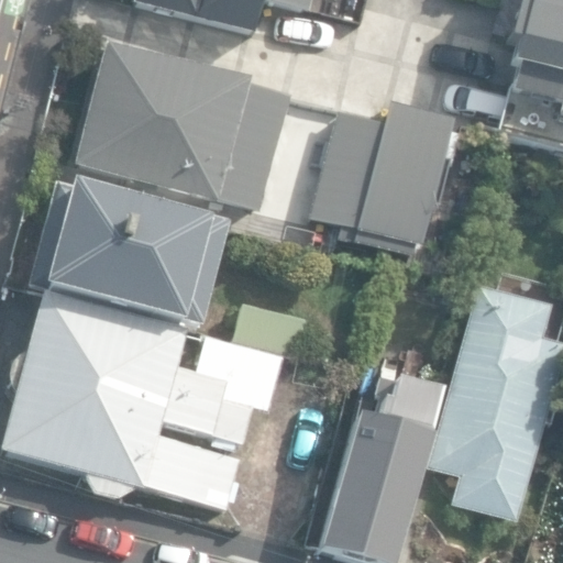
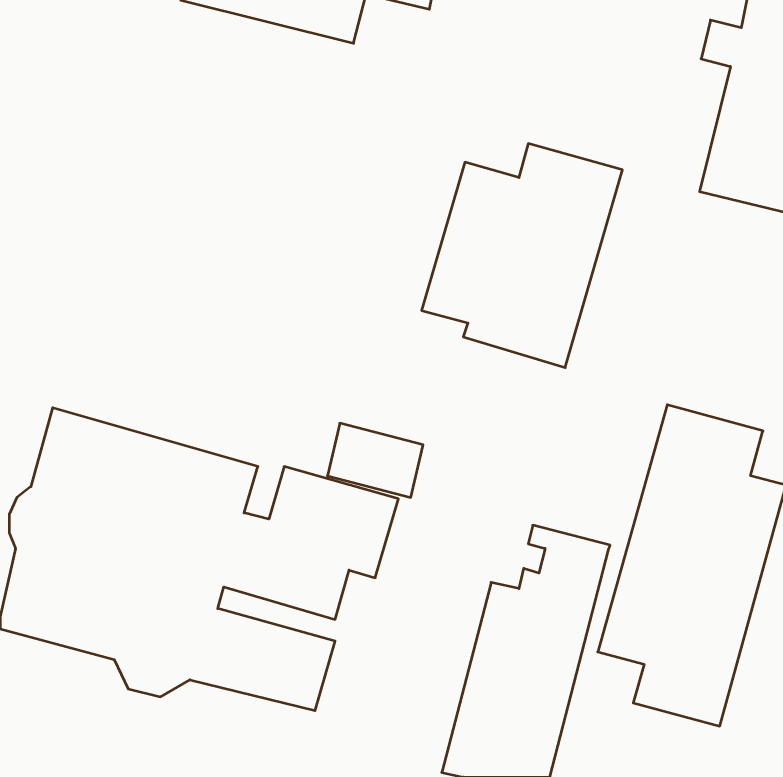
building: [76,42,284,202] -> none
building: [45,184,227,327] -> none

